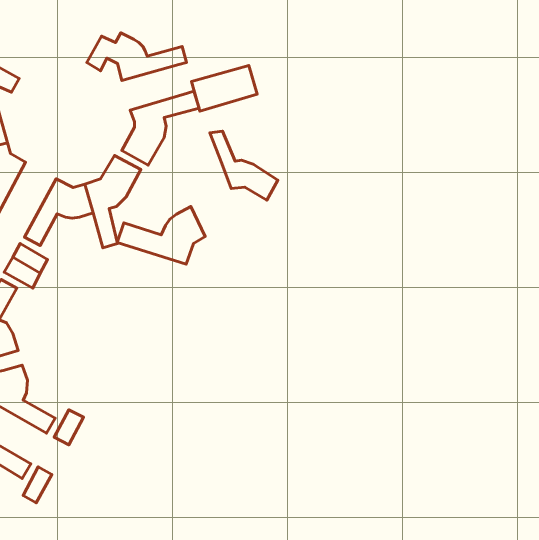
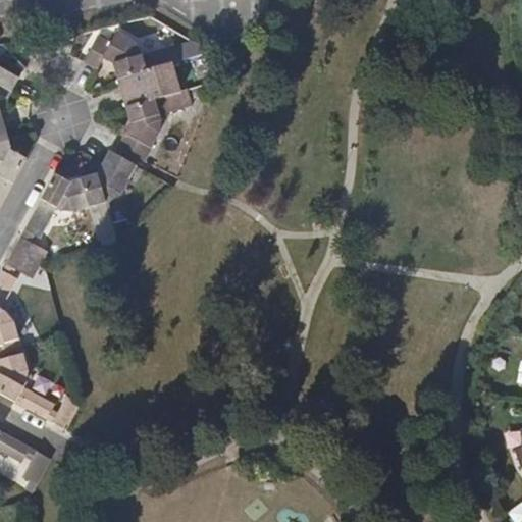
building: [192,66,257,111] -> [117,62,180,106]
building: [210,131,278,200] -> none
building: [117,206,205,264] -> none

